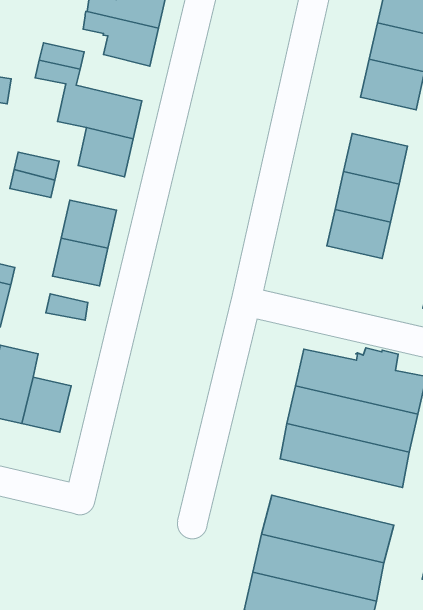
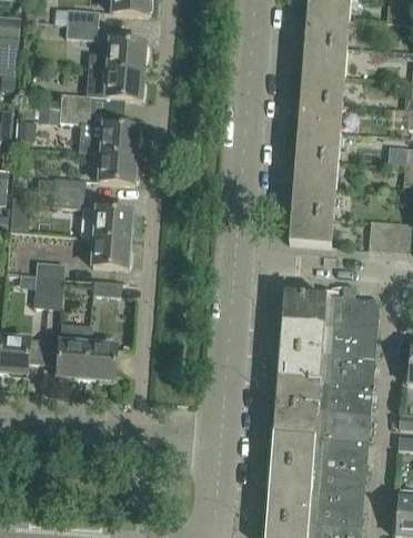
building: none -> [298,100,342,131]
building: none -> [289,213,333,245]
building: none -> [278,375,373,412]

